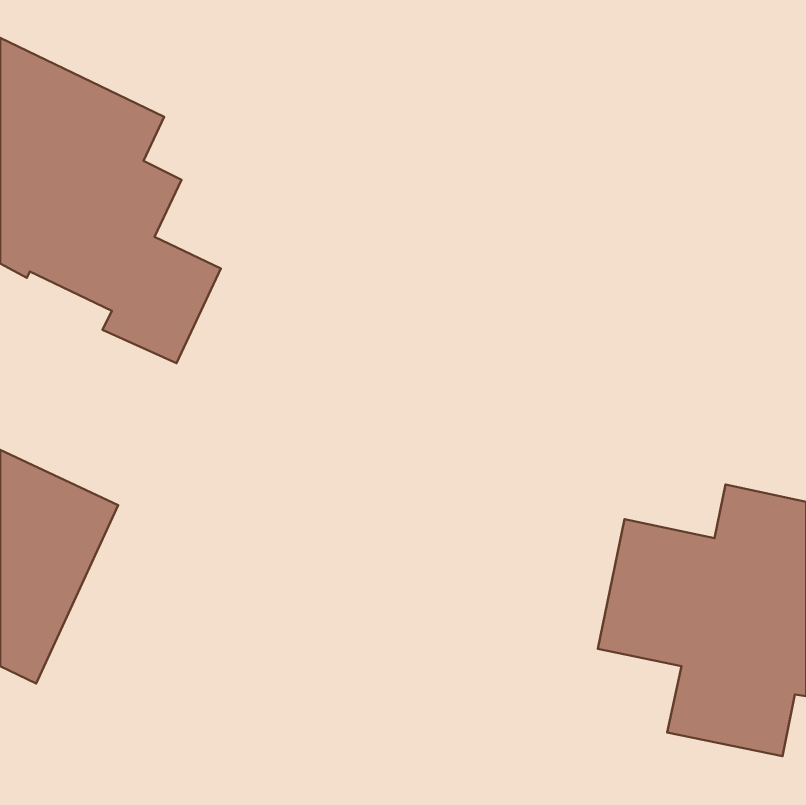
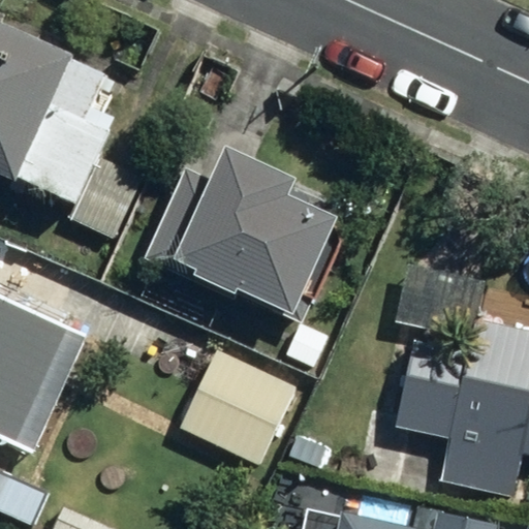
building: none -> [144,147,339,318]
building: none -> [178,349,293,464]

